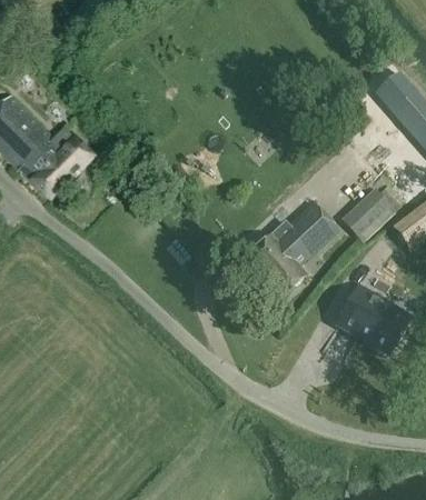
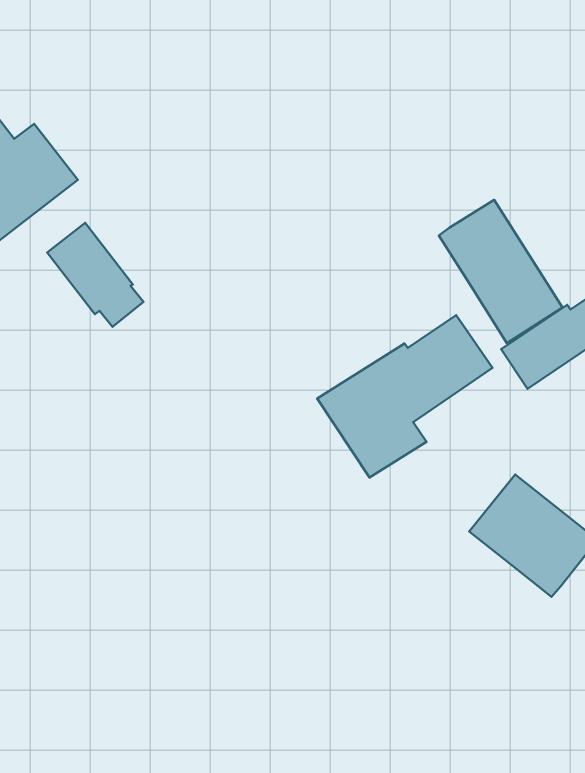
building: none -> [439,200,562,343]
building: none -> [47,223,143,327]

